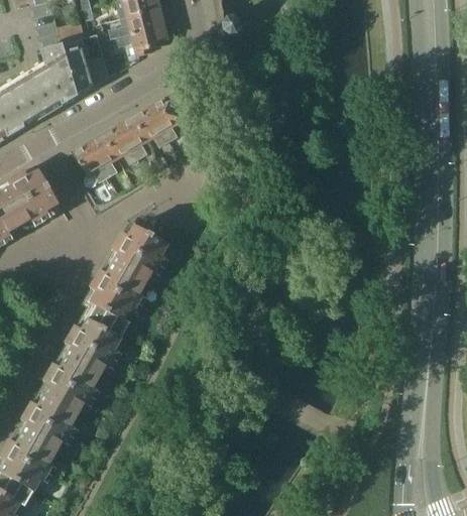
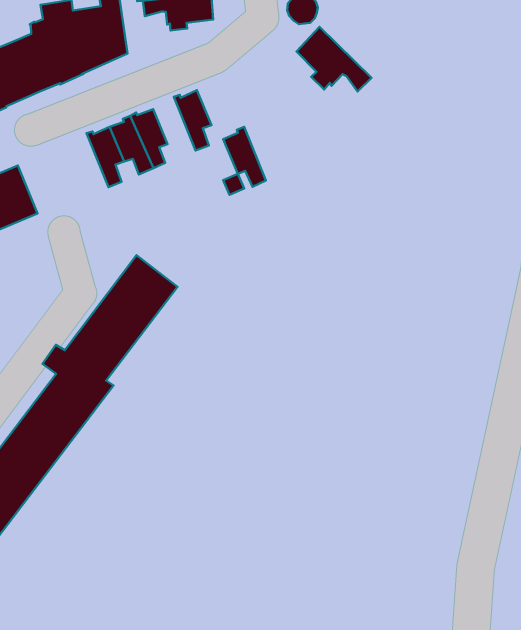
building: none -> [297,27,372,92]
building: [133,105,168,148] -> [223,127,266,187]
building: [69,140,108,183] -> none

